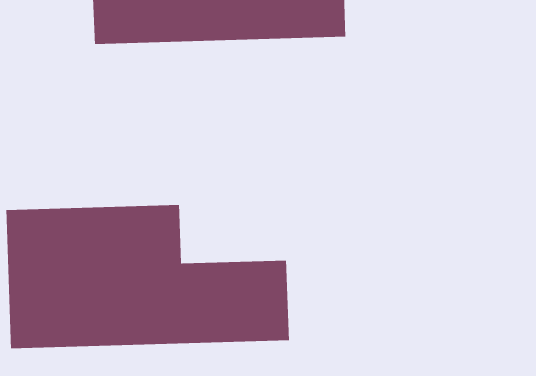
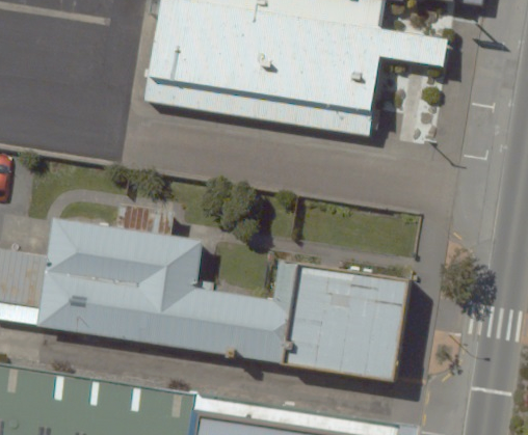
building: none -> [268,251,390,369]

